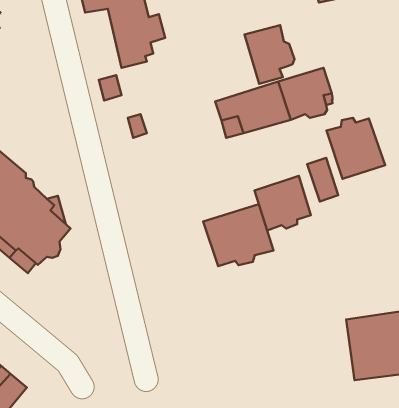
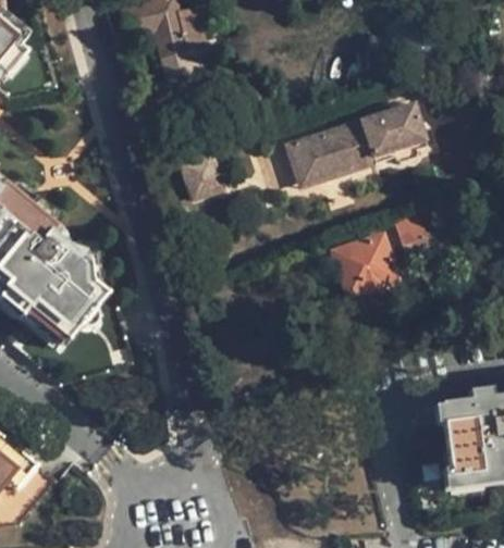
building: [244,25,294,84] -> none
building: [326,118,385,179] -> none
building: [203,204,273,266] -> none

